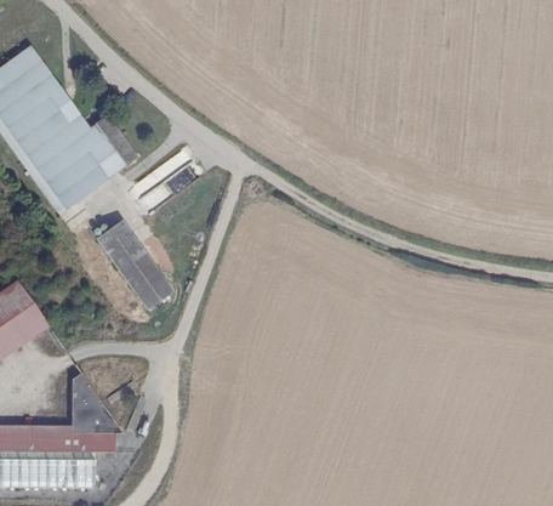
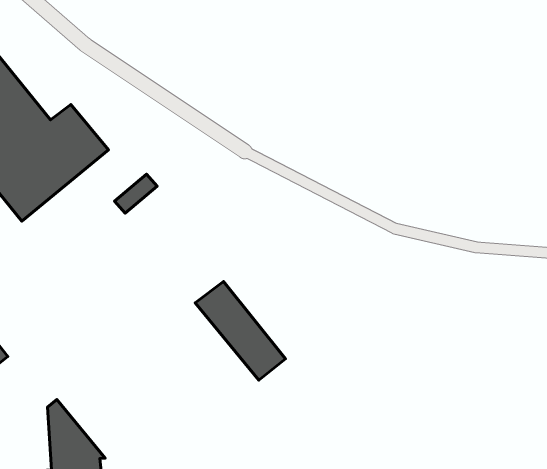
building: [96,218,171,306] -> [195,281,286,380]

